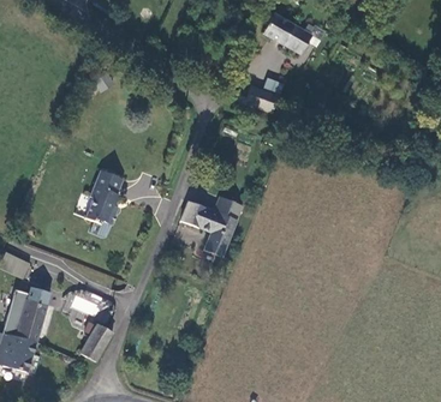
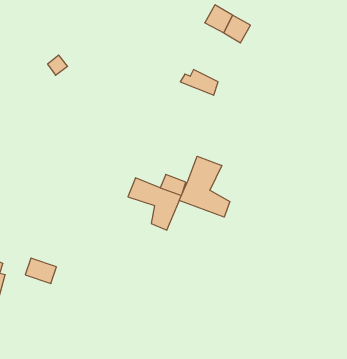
building: [85,168,124,223] -> none
building: none -> [179,156,230,217]
building: [82,320,113,359] -> none

